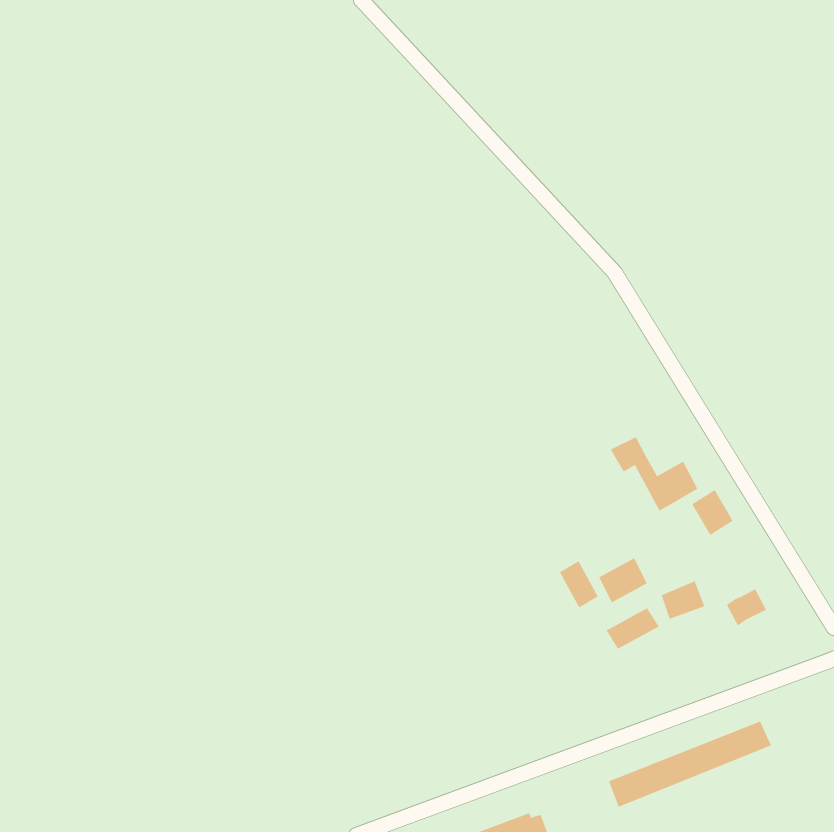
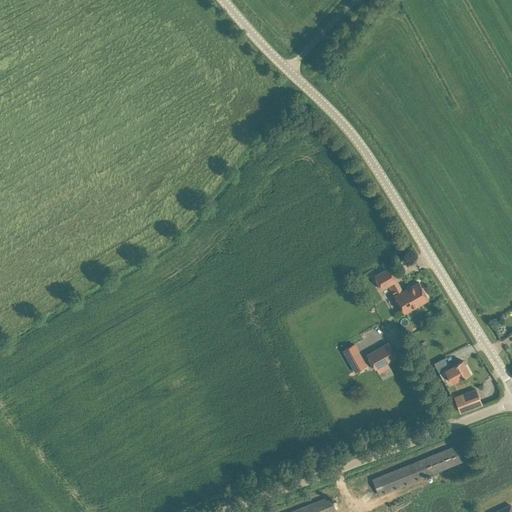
building: [692,489,733,536] -> none
building: [661,580,705,620] -> [454,390,481,414]
building: [606,607,659,650] -> none

